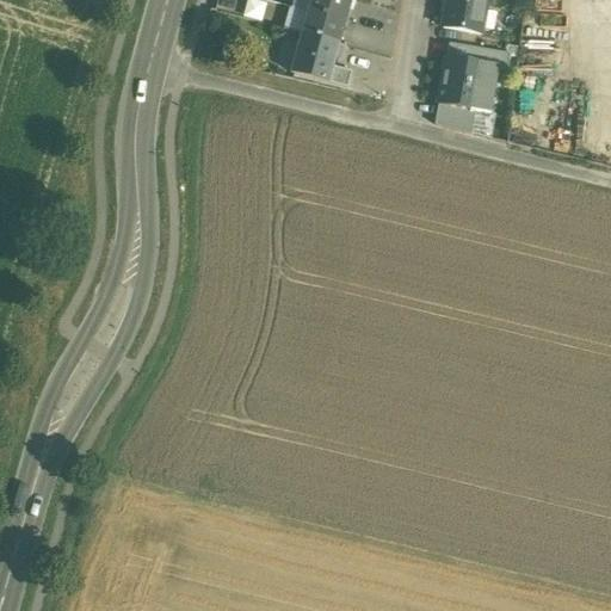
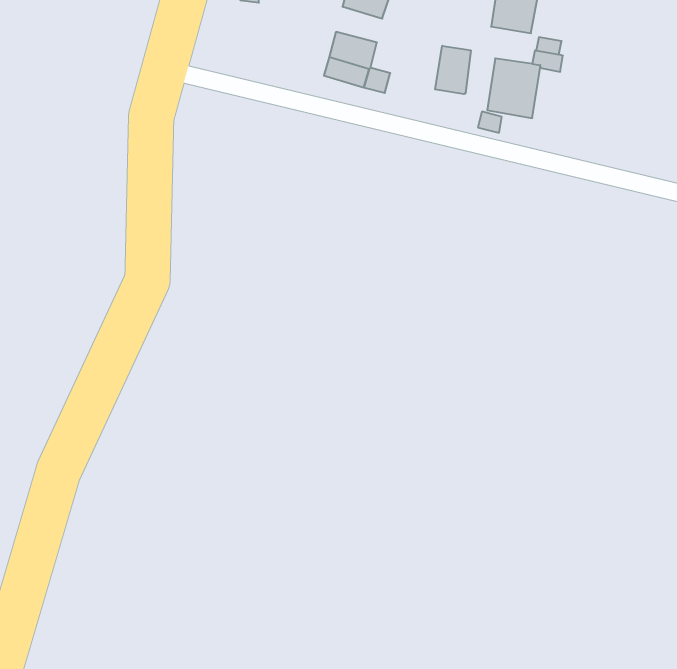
building: [303,6,345,38] -> none
building: none -> [435,46,471,94]

